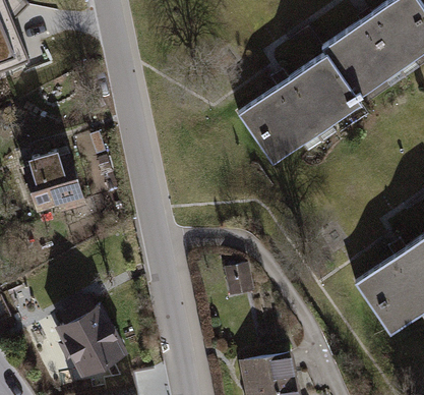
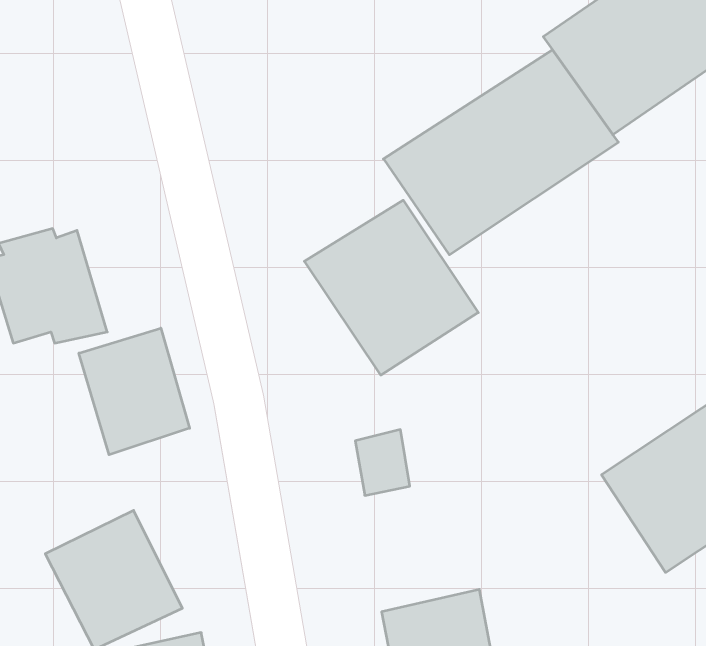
building: none -> [304,200,478,375]
building: none -> [79,328,190,455]

